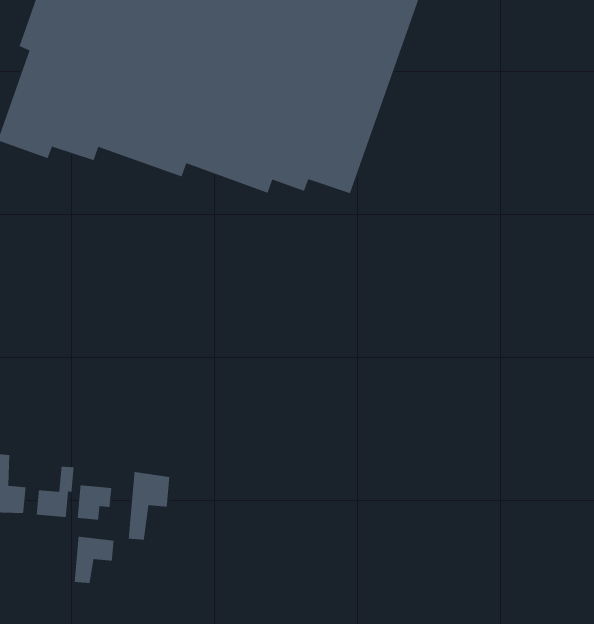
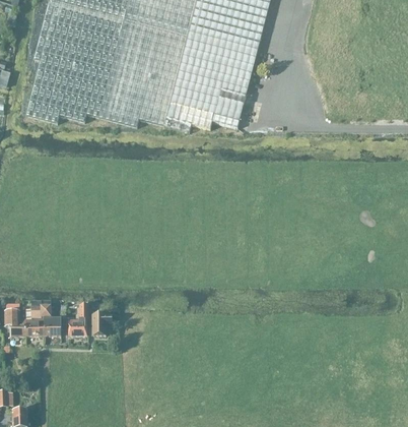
building: [128,471,170,541] -> none
building: [74,536,114,584] -> none

